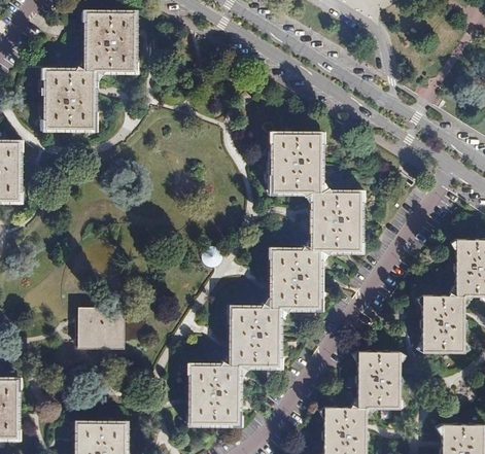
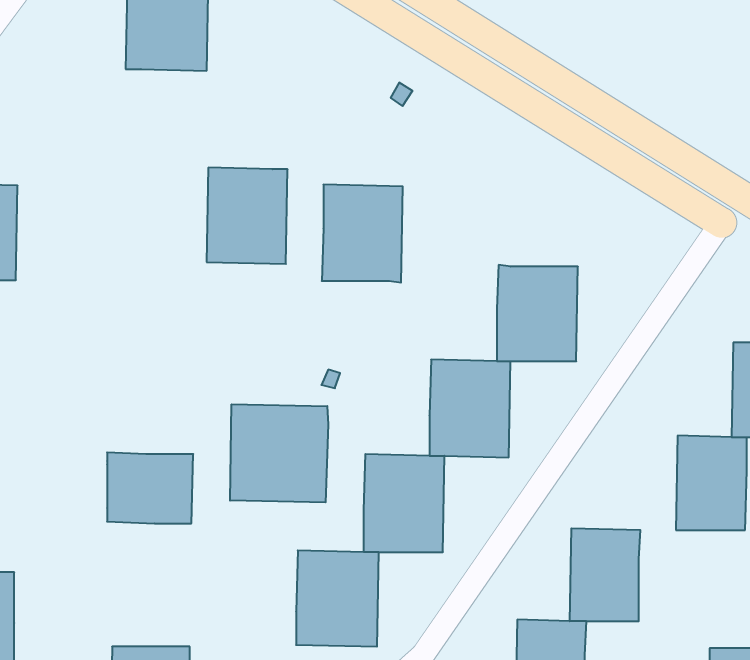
building: [45,70,95,129] -> [207,168,288,264]
building: [272,132,321,191] -> [322,185,403,283]
building: none -> [230,404,328,502]

